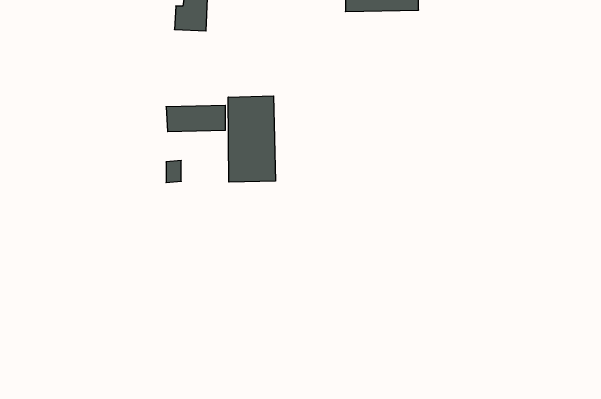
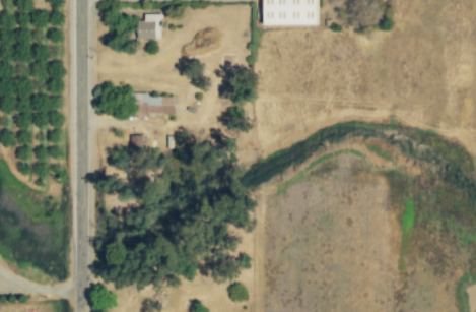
building: [228,96,275,182] -> none

